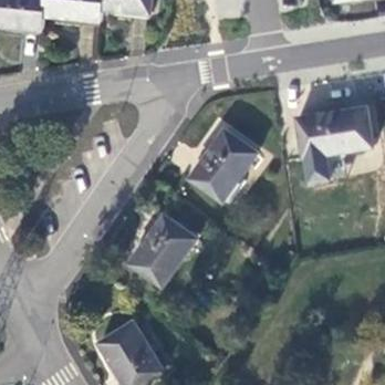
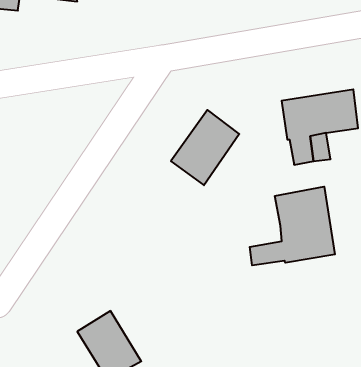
building: none -> [250,187,335,265]
building: [132,215,196,283] -> none

